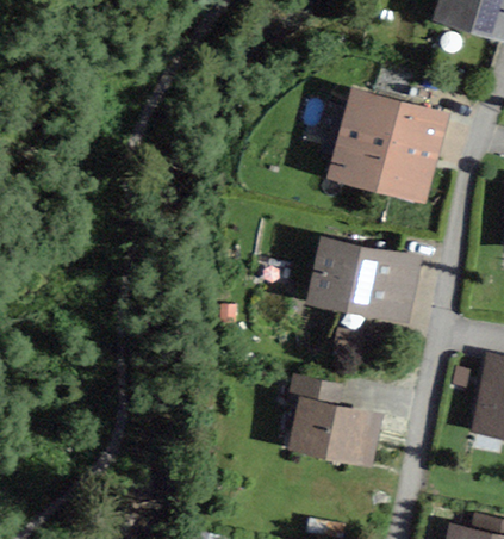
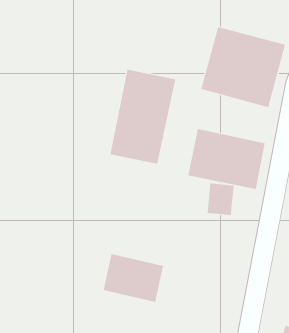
building: none -> [110,69,176,165]
building: [287,395,377,466] -> [103,254,164,302]

